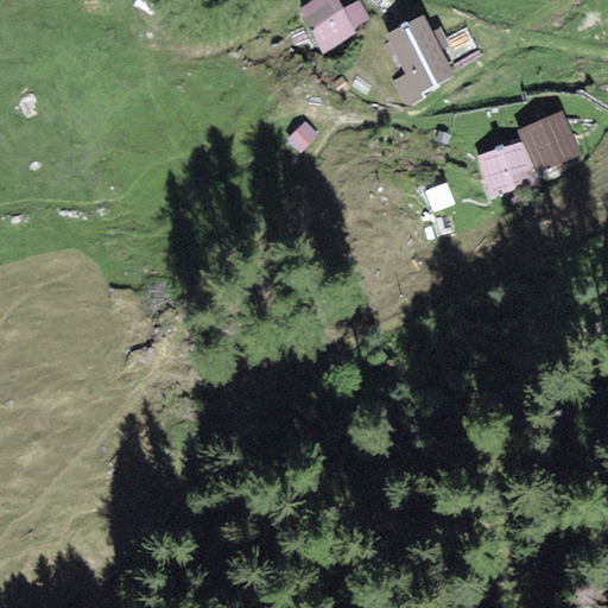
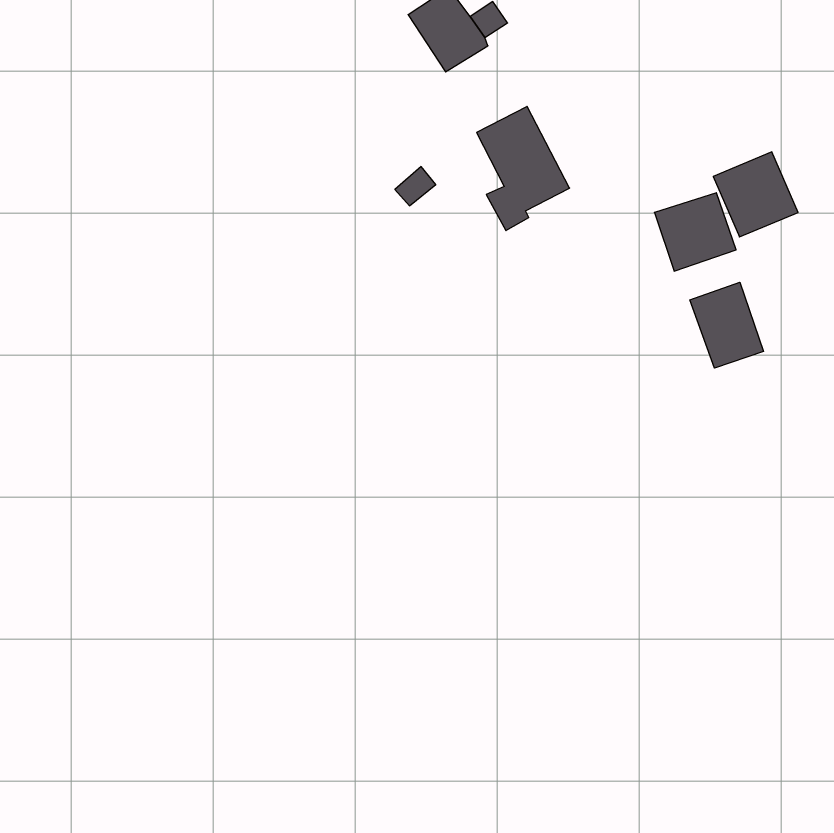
building: [386,14,454,104] -> [477,106,570,231]
building: none -> [690,282,763,368]

